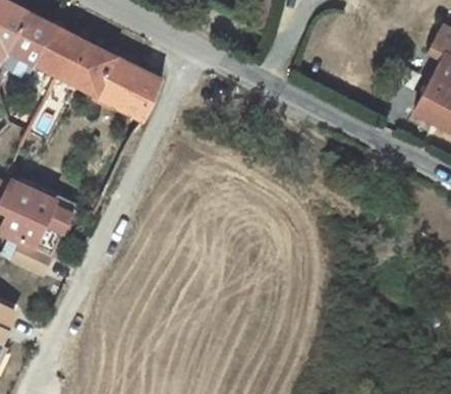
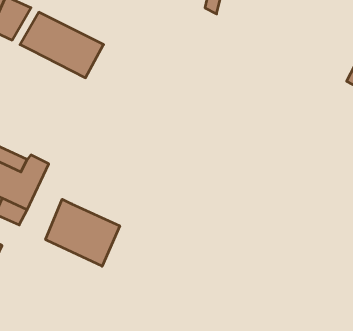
building: [118,68,161,118] -> none
building: none -> [46,199,120,266]

